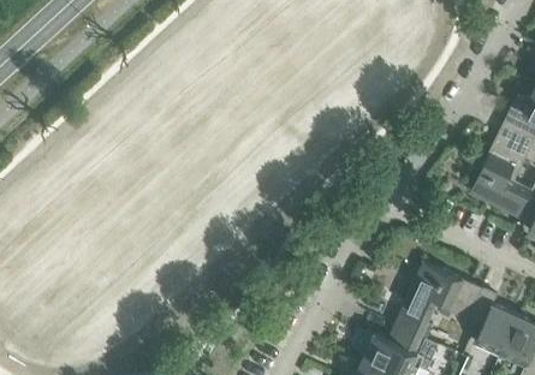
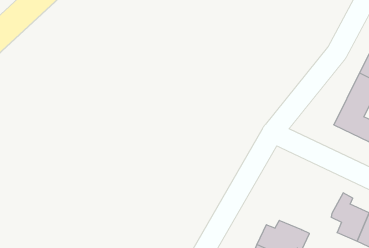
building: [393,263,482,341] -> none

